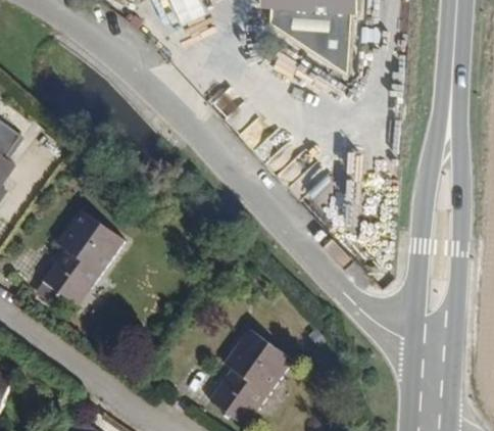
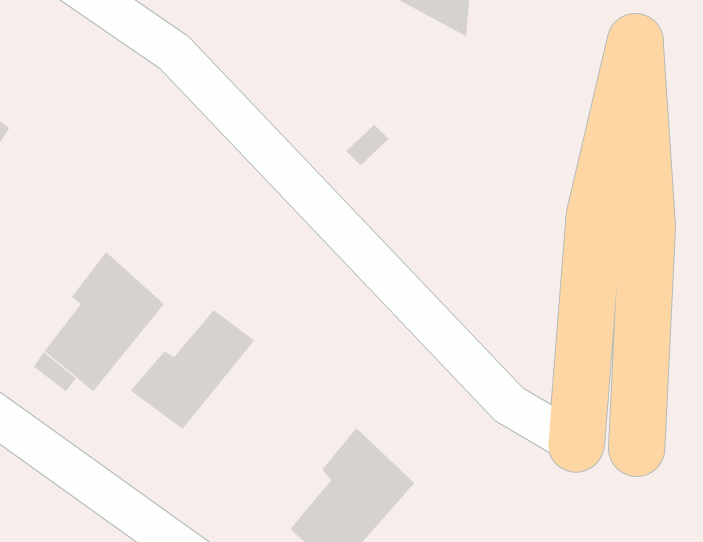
building: none -> [130,309,255,430]

